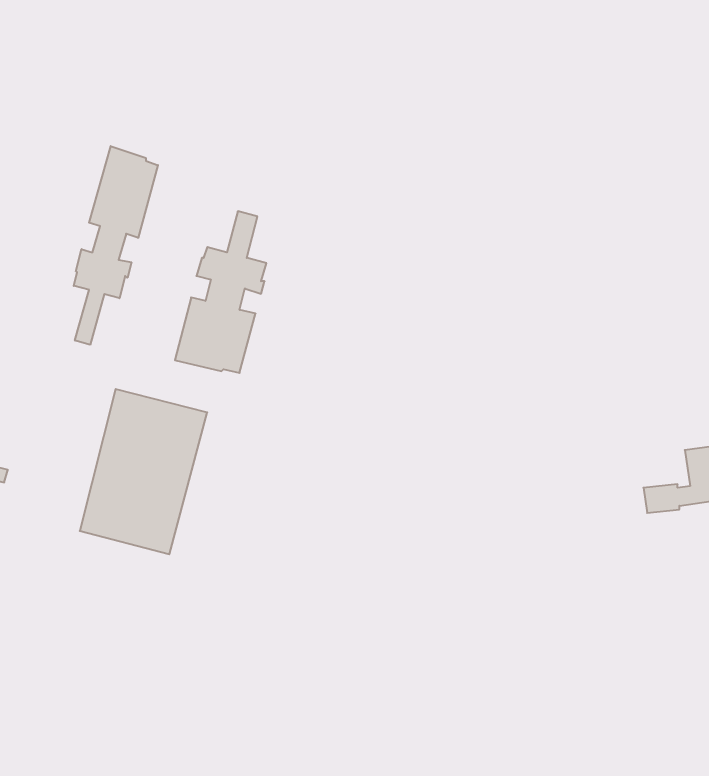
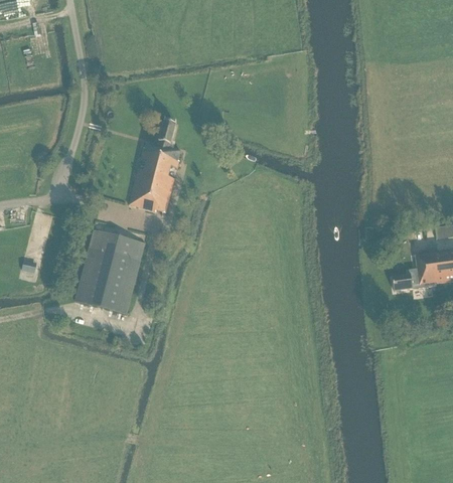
building: [74,146,158,345] -> none

